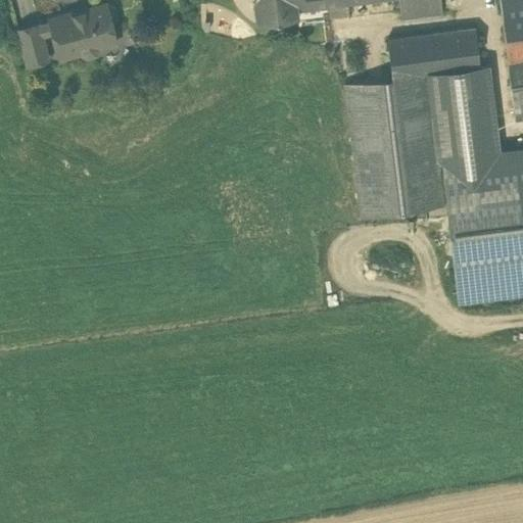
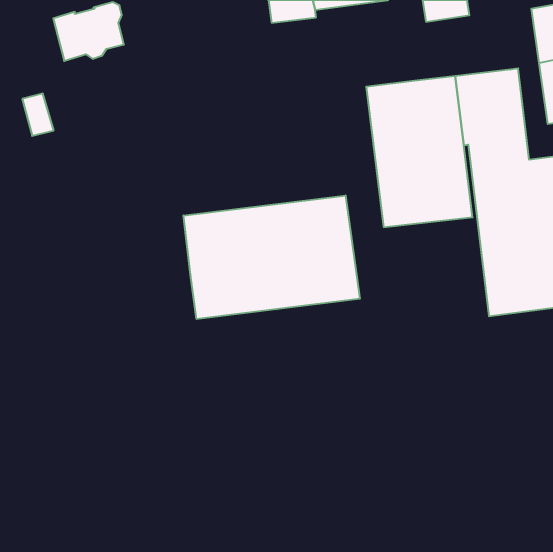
building: [20,26,50,65] -> [22,94,54,136]
building: [390,30,482,79] -> none
building: none -> [183,195,360,319]

